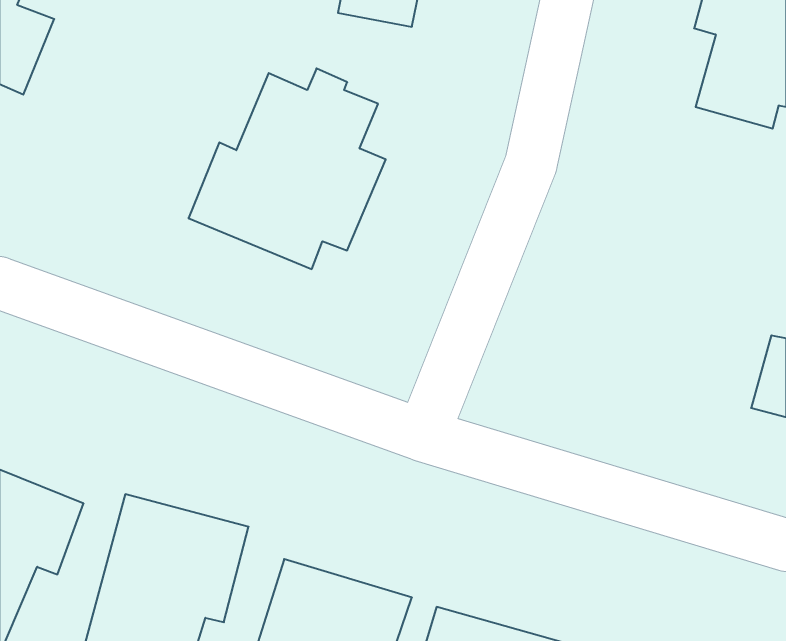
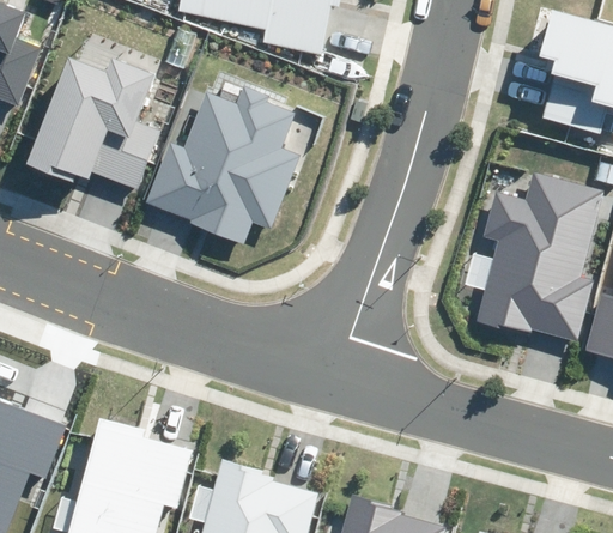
building: none -> [25,56,159,189]
building: none -> [478,172,605,341]

